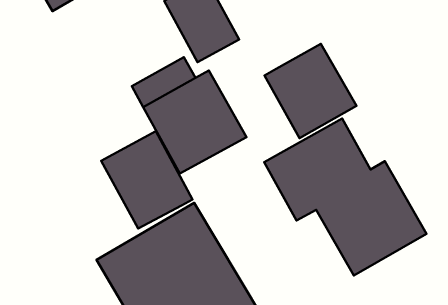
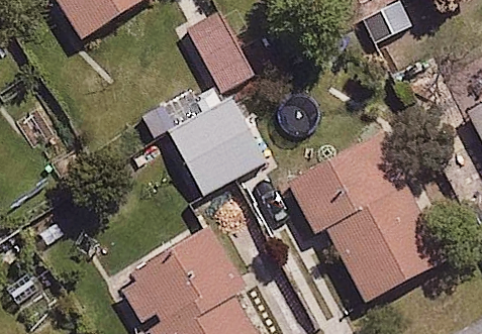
building: [265,44,357,138] -> none
building: [101,131,192,228] -> none

